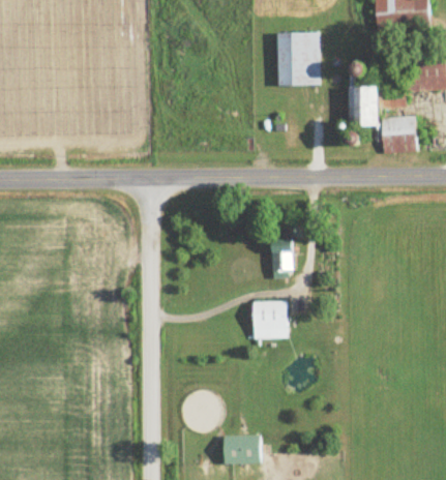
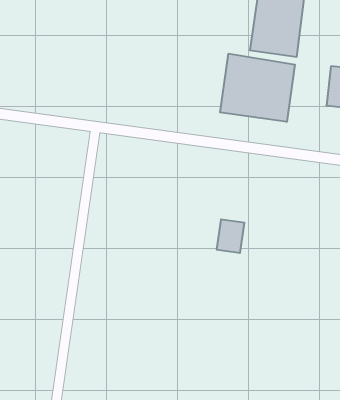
building: none -> [220,54,295,122]
building: [252,302,287,339] -> none

